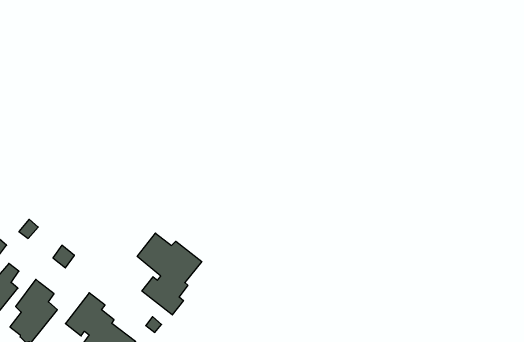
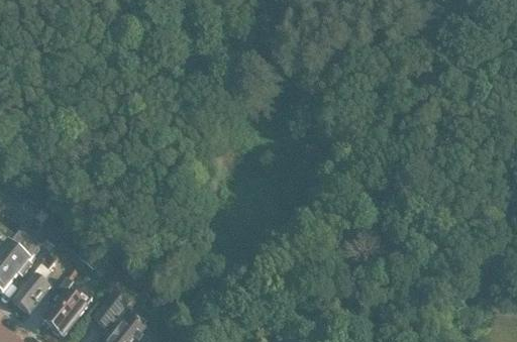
building: [137,233,202,315] -> none

